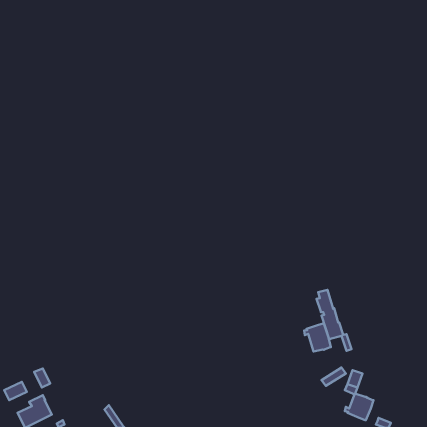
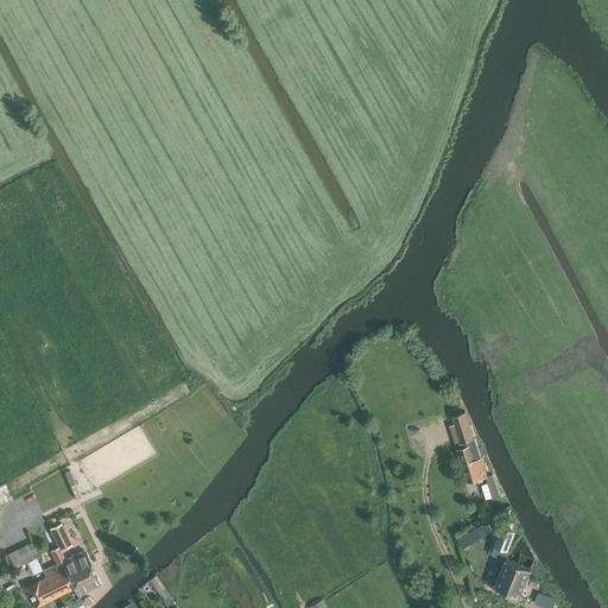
building: [304,323,331,352] -> none
building: none -> [61,551,100,596]

